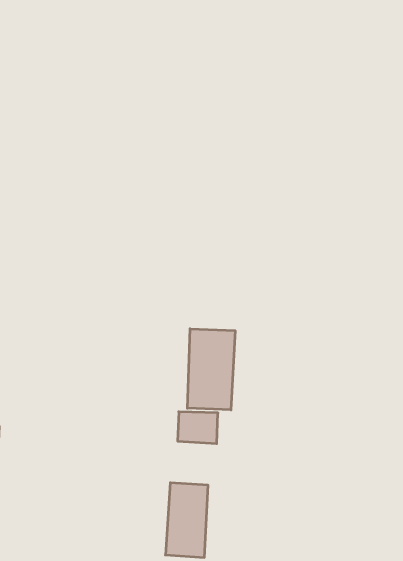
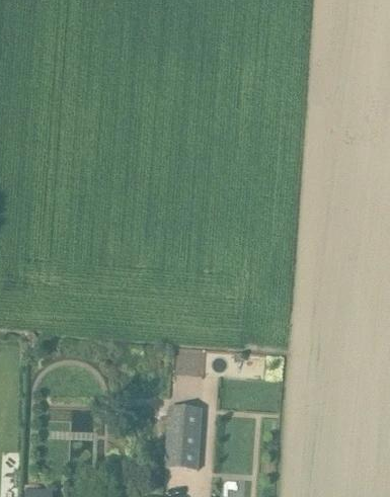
building: [187,329,235,410] -> none

